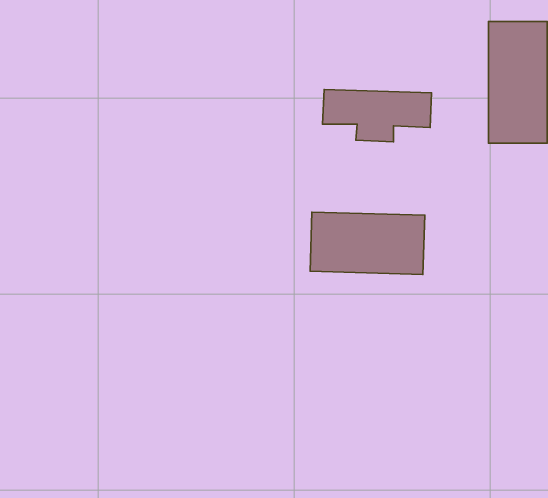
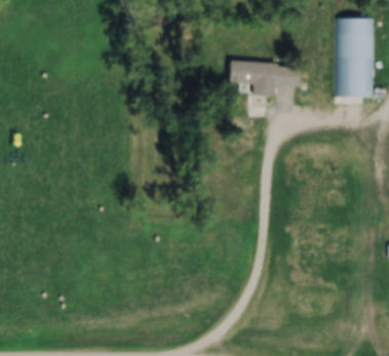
building: [310,212,425,275] -> none

